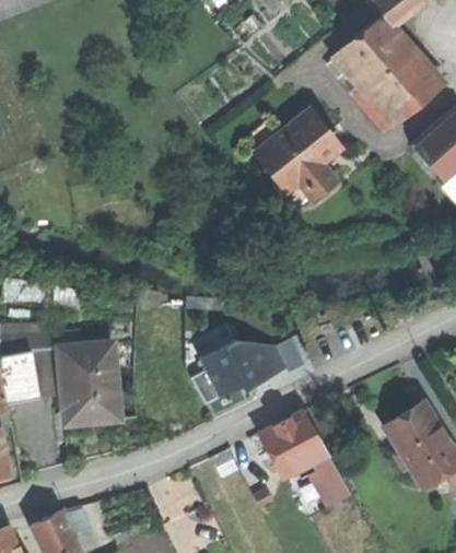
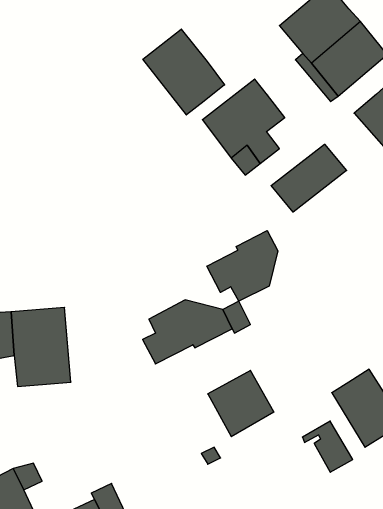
building: none -> [143,29,225,115]
building: none -> [271,144,347,212]
building: none -> [207,231,278,301]
building: [300,451,351,504] -> [302,421,353,472]

